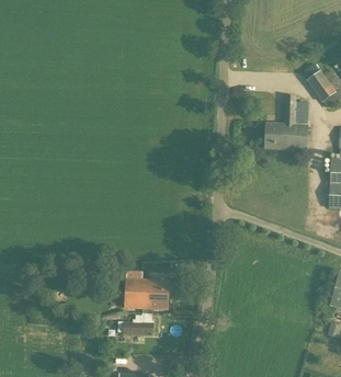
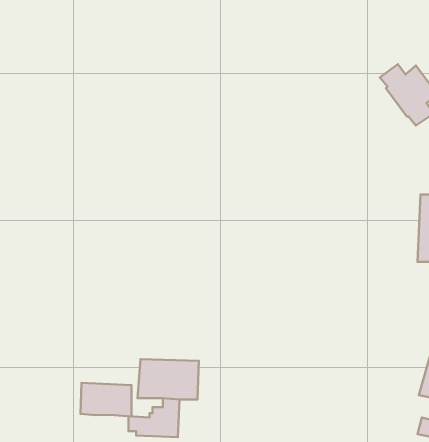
building: [264,95,308,150] -> none
building: none -> [81,383,132,416]

